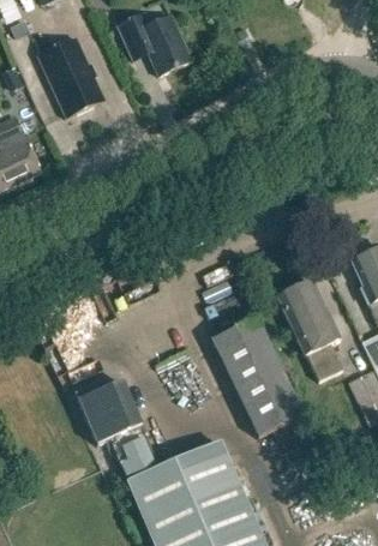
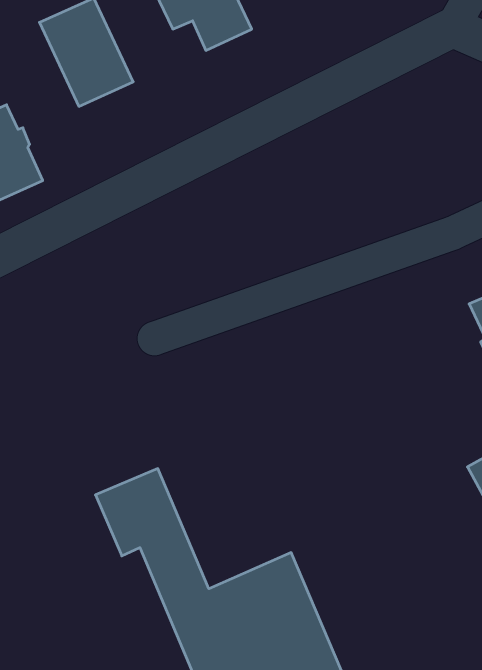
building: [277,282,343,382] -> none
building: [211,317,306,437] -> none

